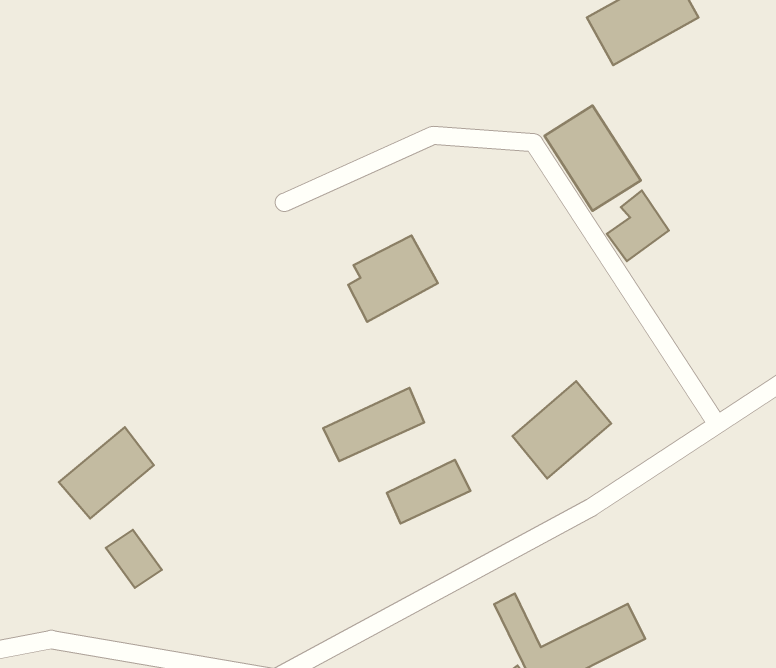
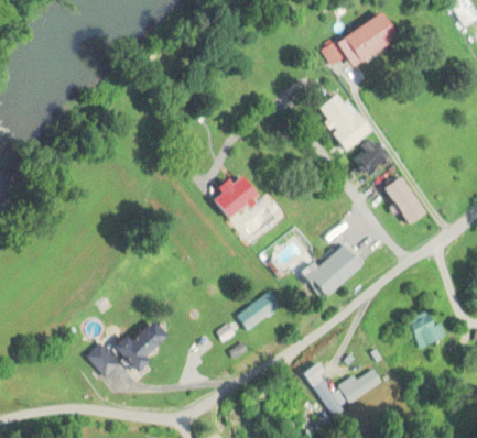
building: none -> [381,175,424,223]
building: [323,388,424,461] -> none
building: [59,427,154,518] -> [111,318,163,370]
building: none -> [409,310,447,349]

